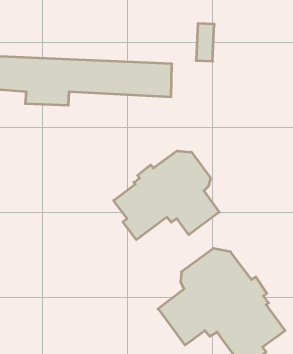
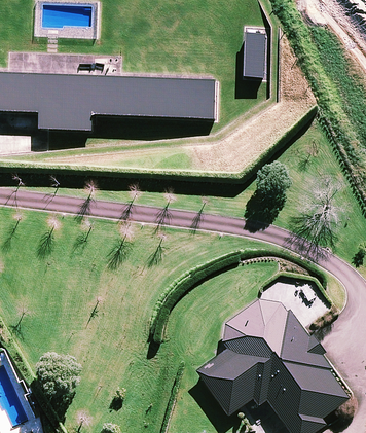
building: [114,151,219,240] -> none

